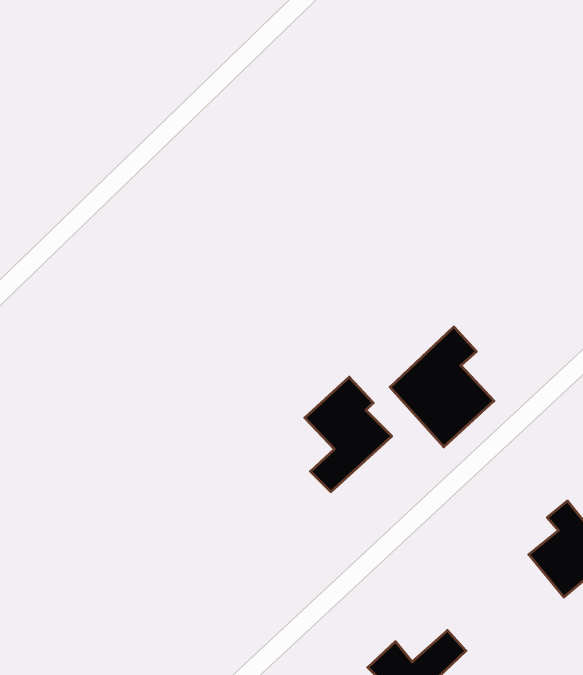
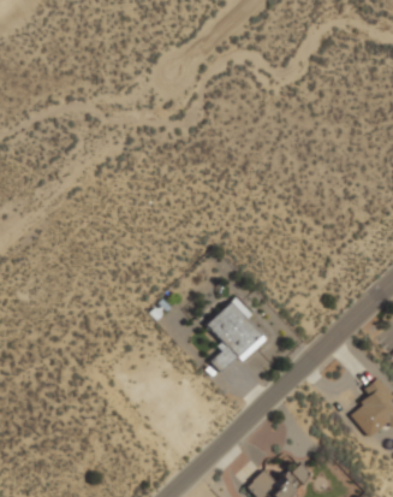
building: [390,327,494,447] -> none

